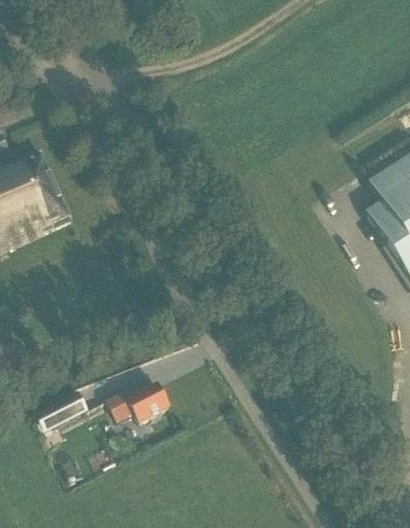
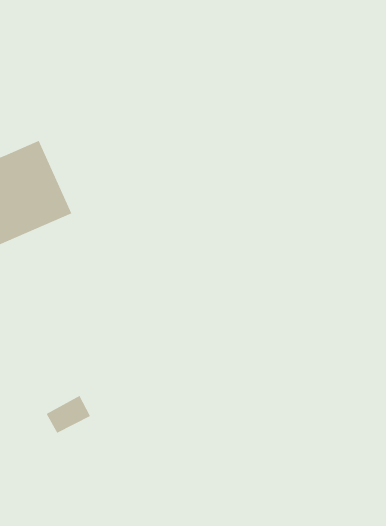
building: [110,383,168,422] -> none

